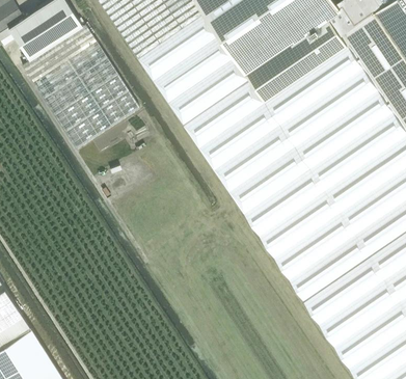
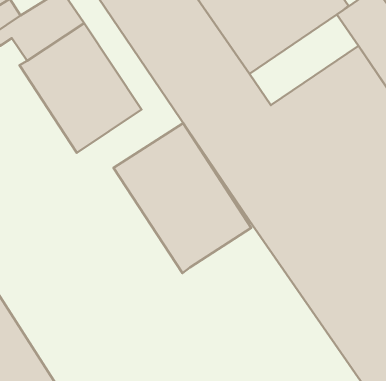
building: [244,17,349,104] -> none
building: none -> [114,123,251,273]

